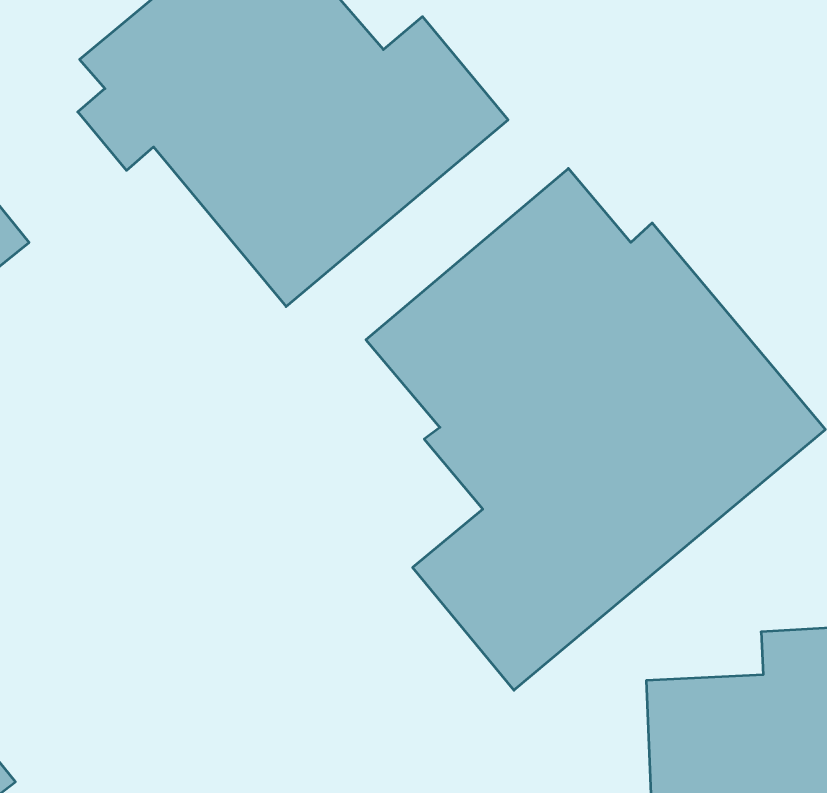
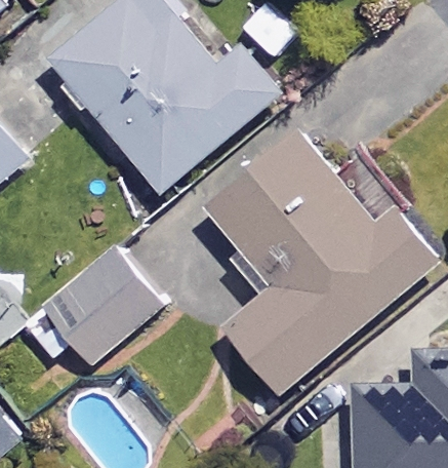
building: none -> [19,249,163,373]

